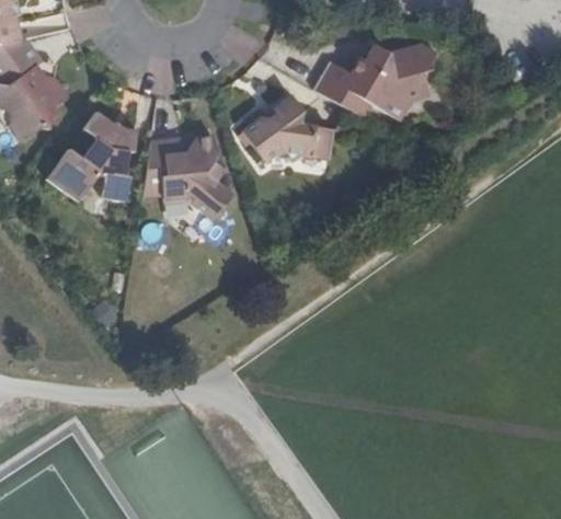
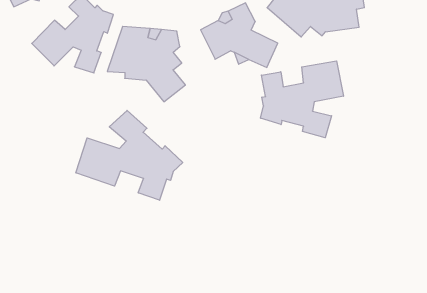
building: none -> [261,61,343,138]
building: none -> [76,110,183,200]

